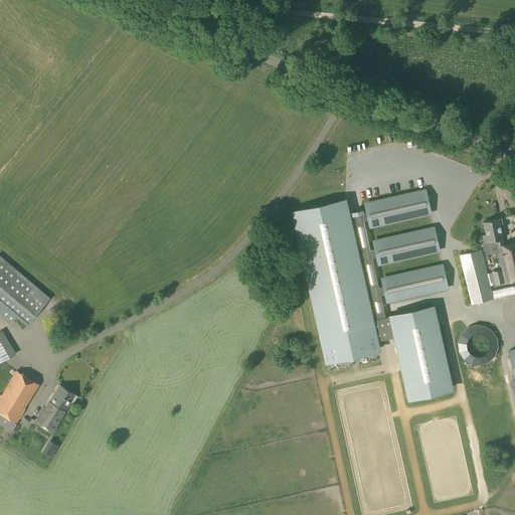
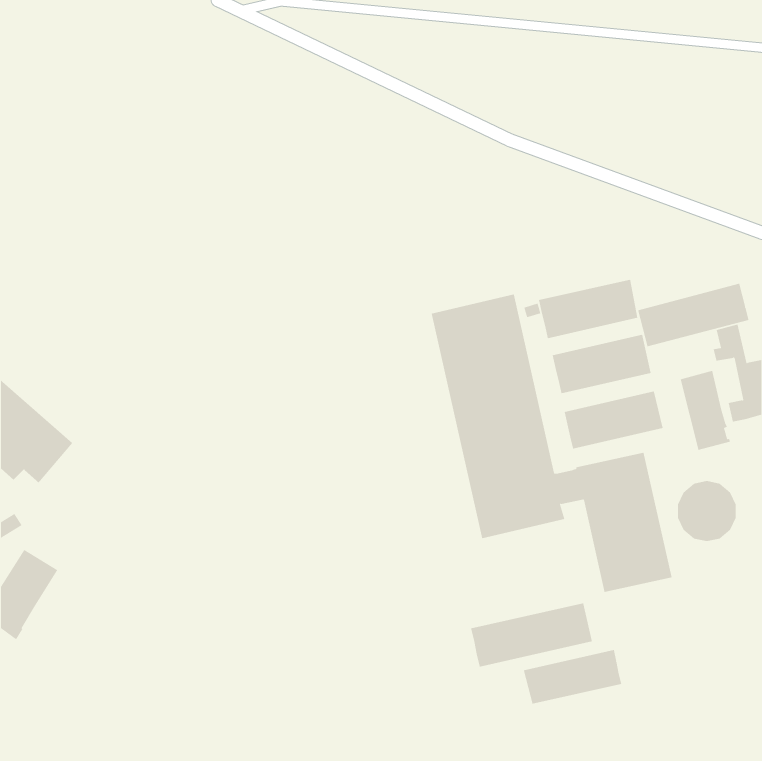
building: none -> [637,283,749,347]
building: [37,386,75,433] -> none
building: none -> [471,602,592,667]
building: none -> [523,649,622,704]

